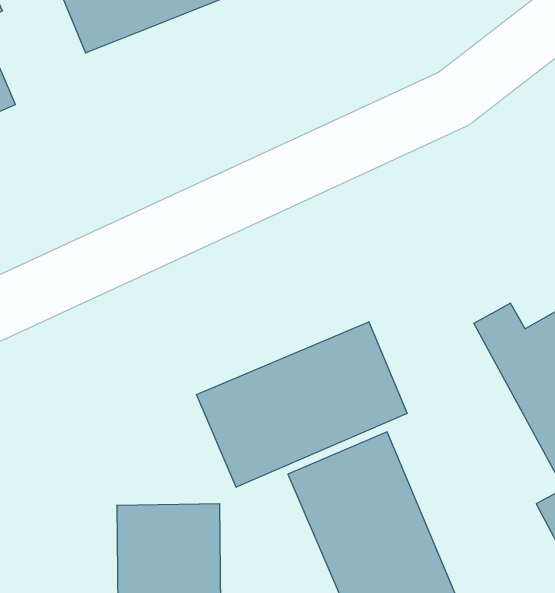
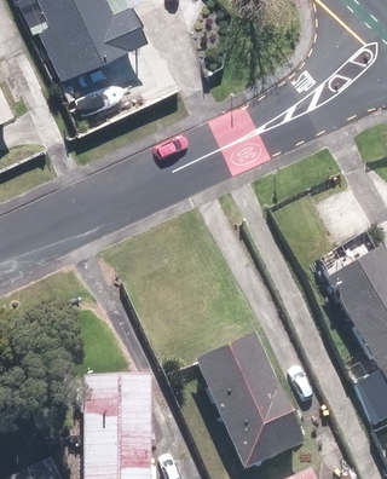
building: [197,322,407,487] -> none

